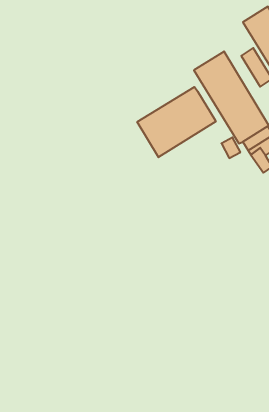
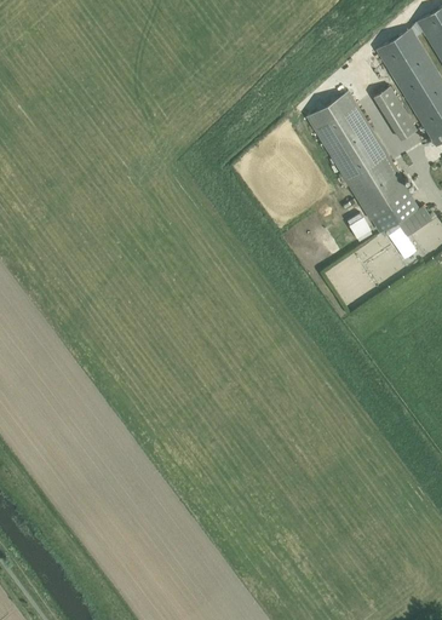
building: [137,87,216,157] -> none

